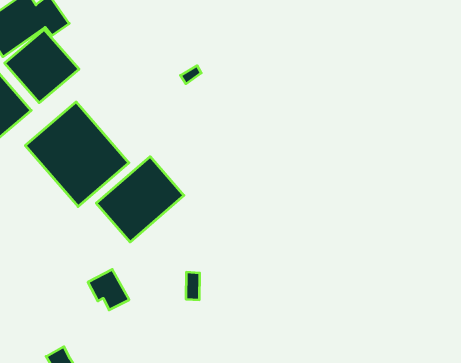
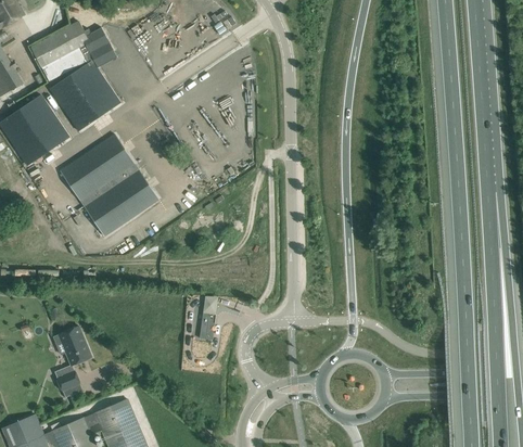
building: [96,157,184,242] -> none
building: [88,269,129,310] -> [53,327,91,366]

